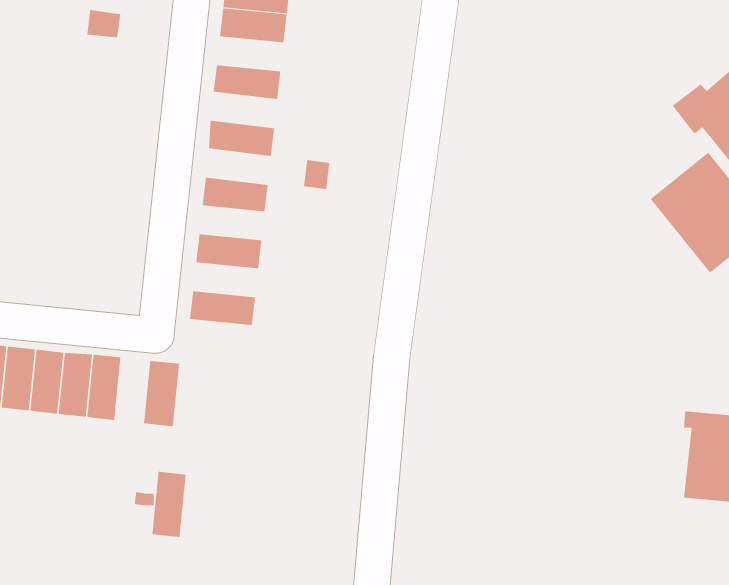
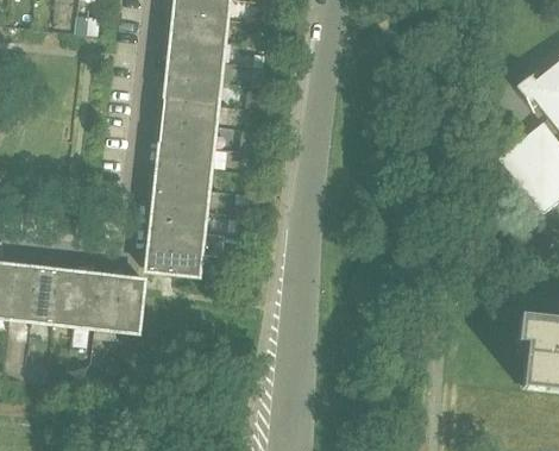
building: none -> [171,35,222,61]
building: none -> [167,76,218,104]
building: none -> [163,119,213,146]
building: none -> [158,162,208,188]
building: none -> [153,205,203,231]
building: none -> [149,248,199,276]
building: [152,471,186,538] -> [95,276,121,326]

